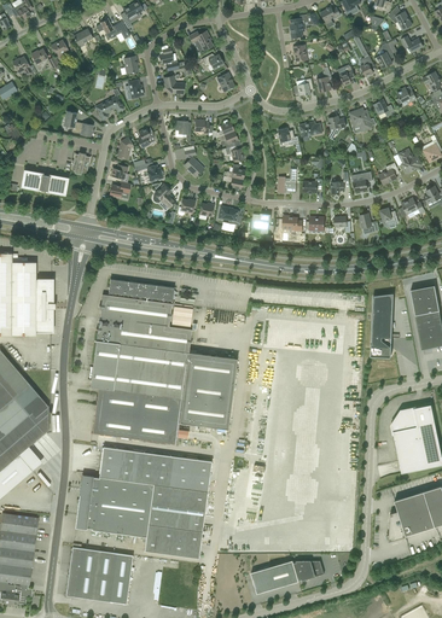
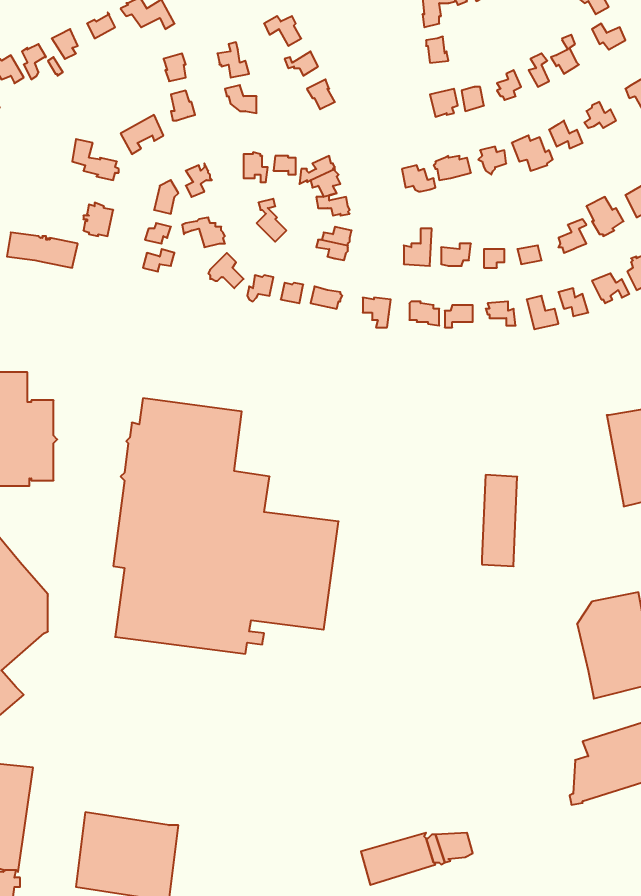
building: [371,298,394,357] -> [482,475,517,566]
building: [75,447,211,558] -> none

